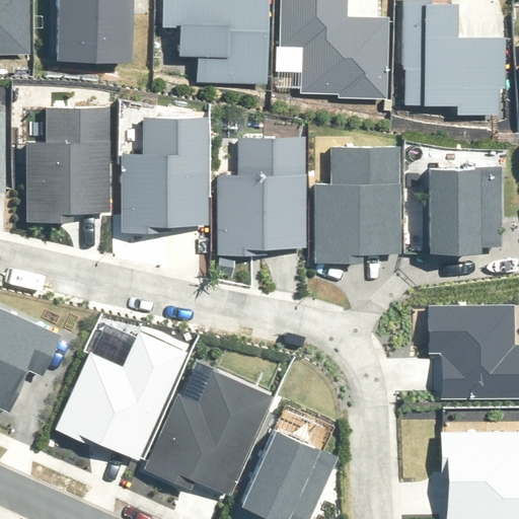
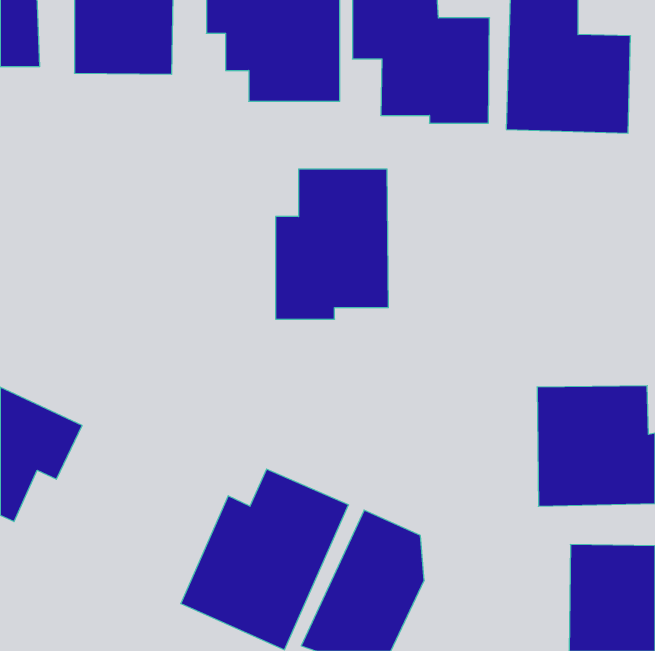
building: [25,108,109,217] -> none
building: [119,122,209,239] -> none
building: [314,149,403,265] -> none
building: [433,166,504,261] -> none
building: [55,324,191,460] -> none

